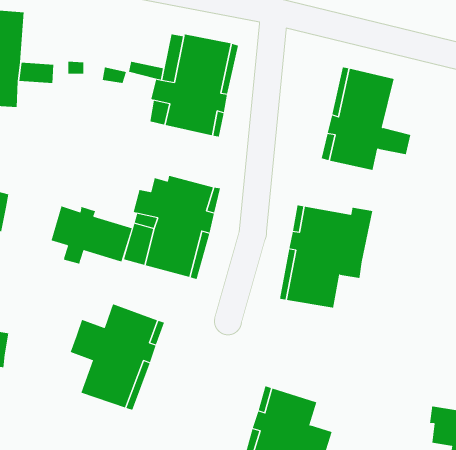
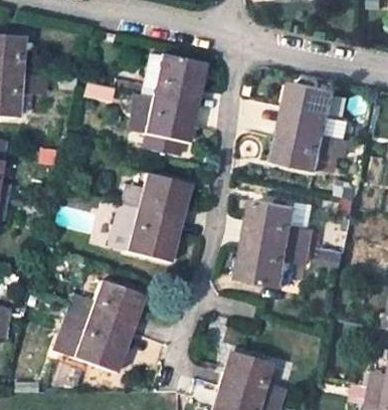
building: [51,206,133,265] -> none

